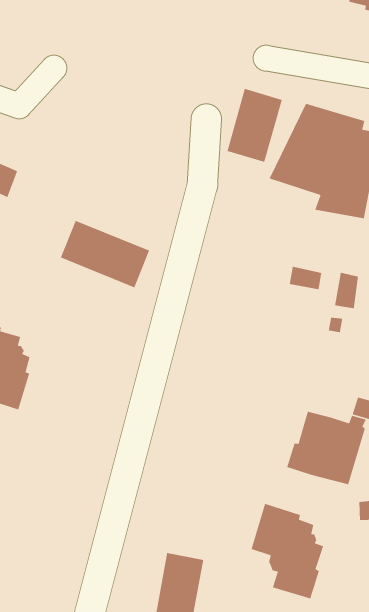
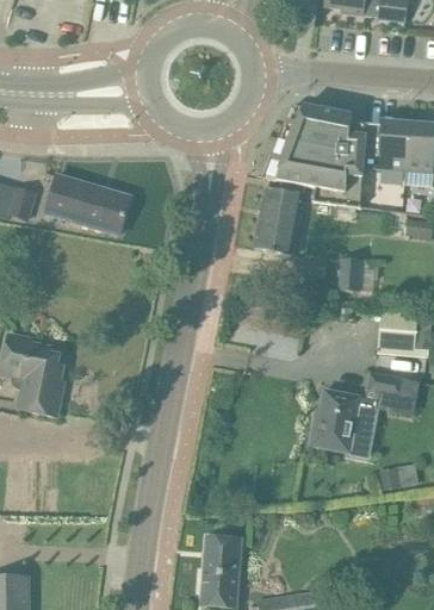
building: [226,88,283,163] -> [255,187,303,255]
building: [60,220,150,288] -> [47,175,130,234]
building: [251,503,324,600] -> none

